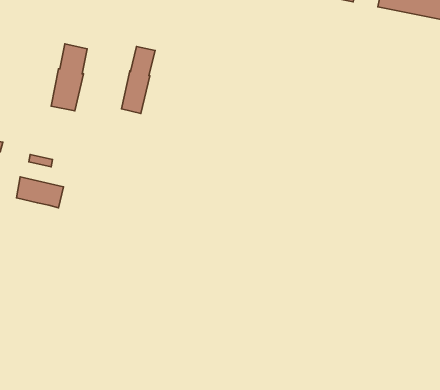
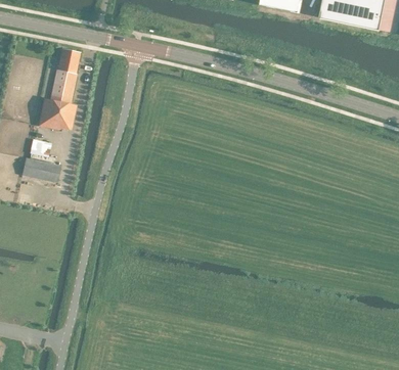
building: [122,46,155,113] -> none
building: none -> [36,97,76,130]

